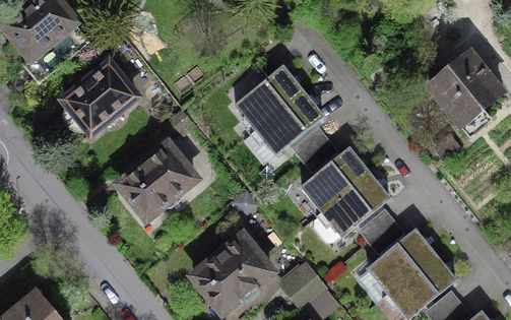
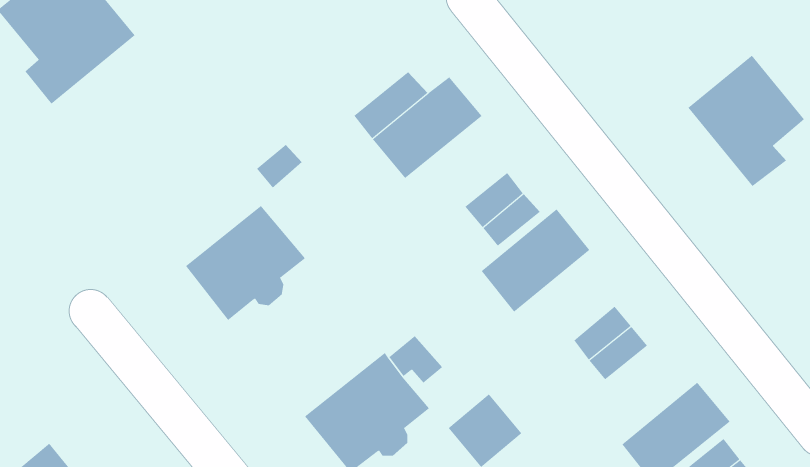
building: [63,63,133,130] -> none
building: [254,89,322,152] -> none
building: [321,172,388,235] -> none
building: [367,229,434,292] -> none

